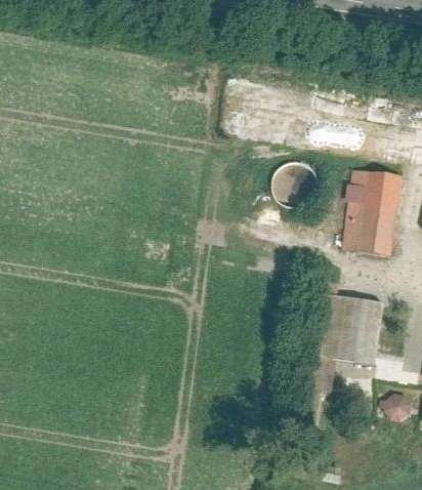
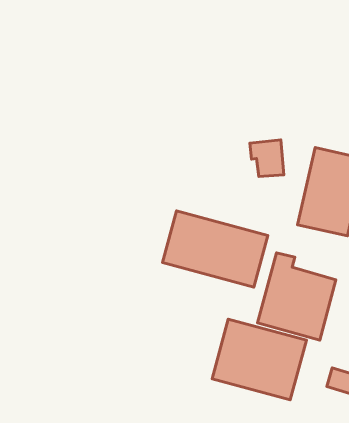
building: none -> [163,211,268,287]
building: none -> [212,319,306,400]

